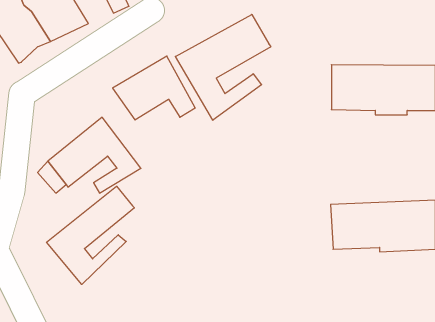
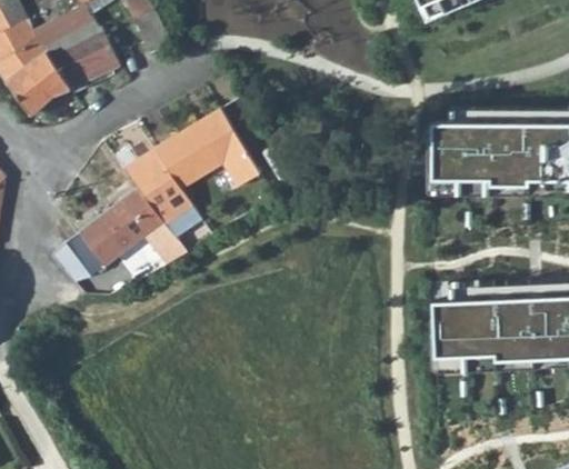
building: [175,14,271,120] -> none
building: none -> [122,149,200,233]
building: [47,186,134,284] -> none

